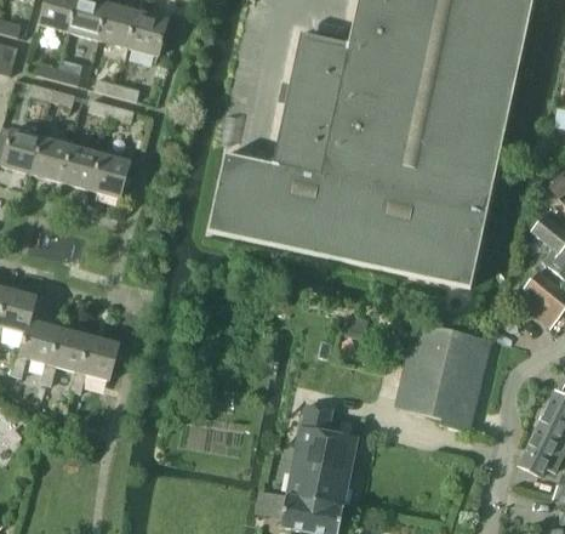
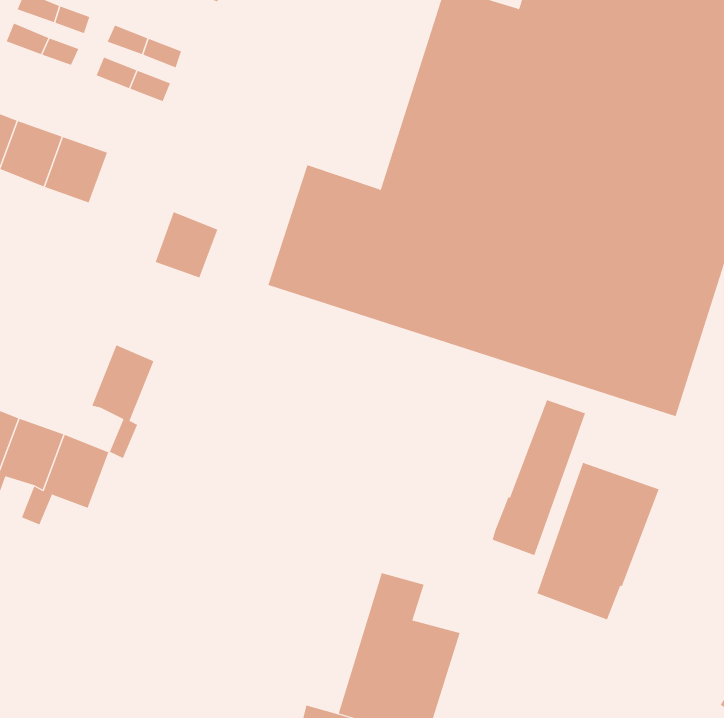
building: [92,157,130,197] -> [155,211,218,278]
building: none -> [91,345,154,459]
building: [440,333,491,431] -> [492,399,586,556]

